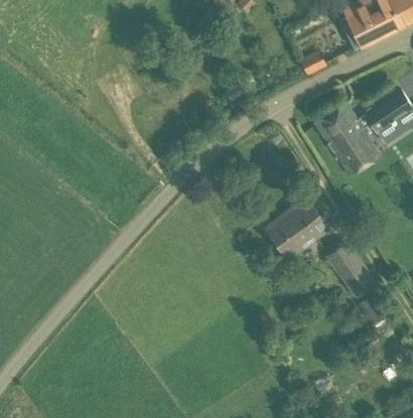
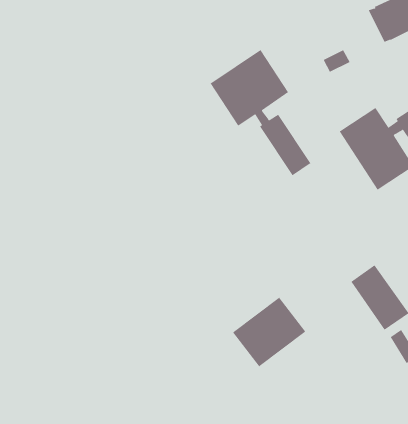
building: none -> [210,49,311,176]
building: [266,198,330,260] -> [232,297,306,367]

